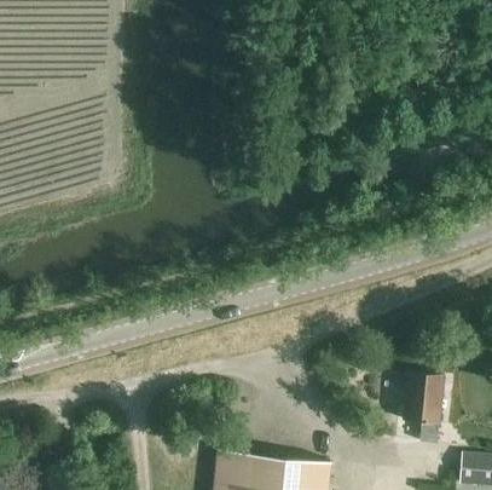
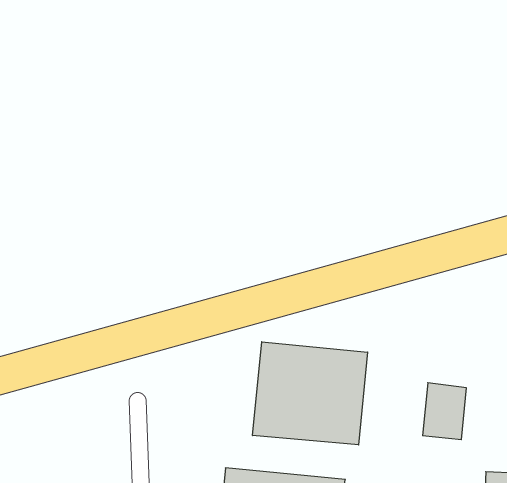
building: none -> [253,342,368,445]

